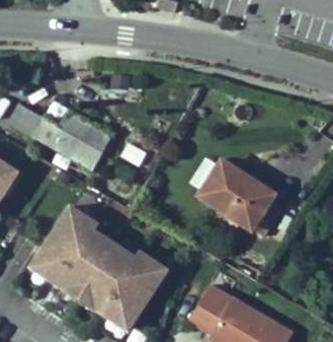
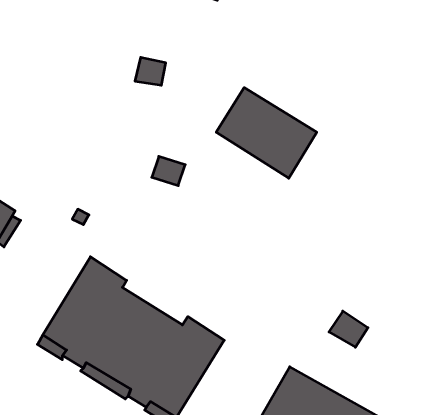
building: [10,106,112,170] -> none
building: [206,167,279,233] -> [216,88,317,178]

